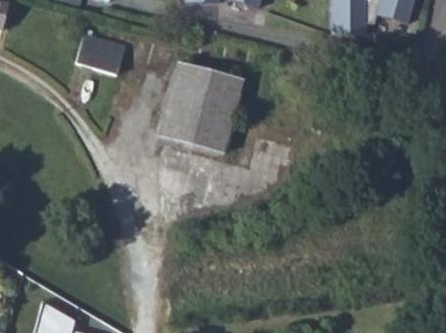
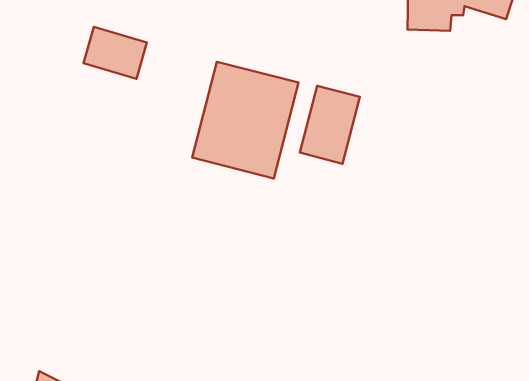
building: none -> [300,86,360,164]

